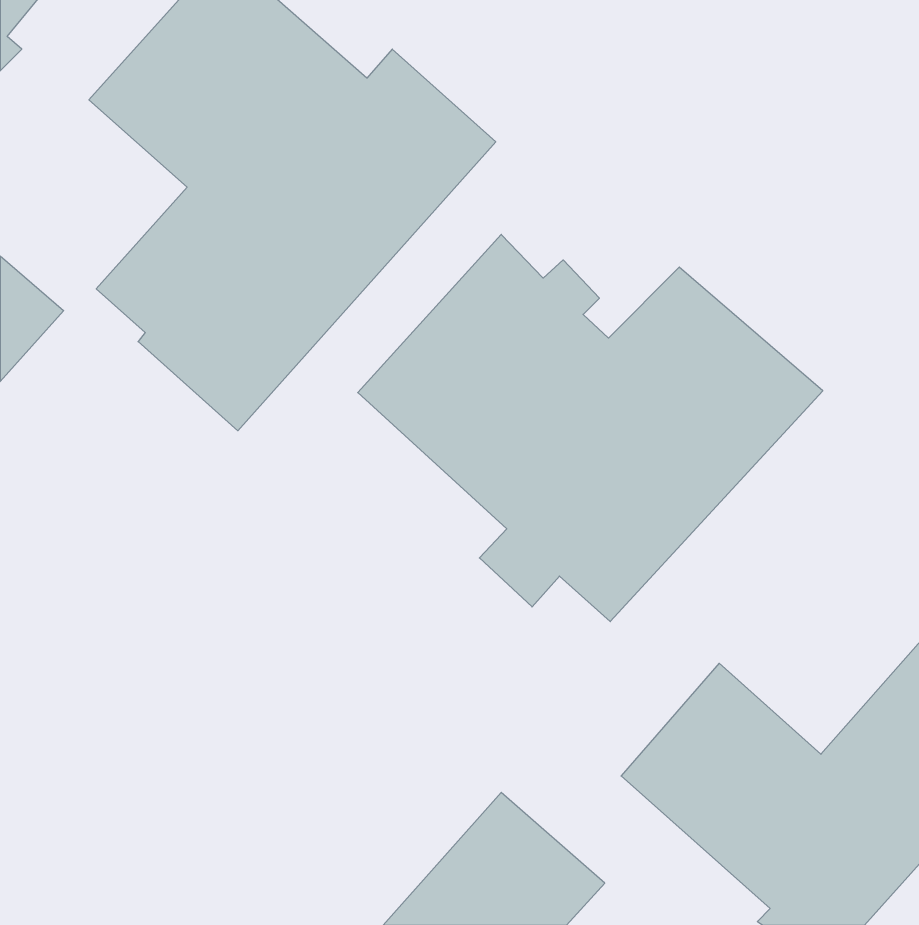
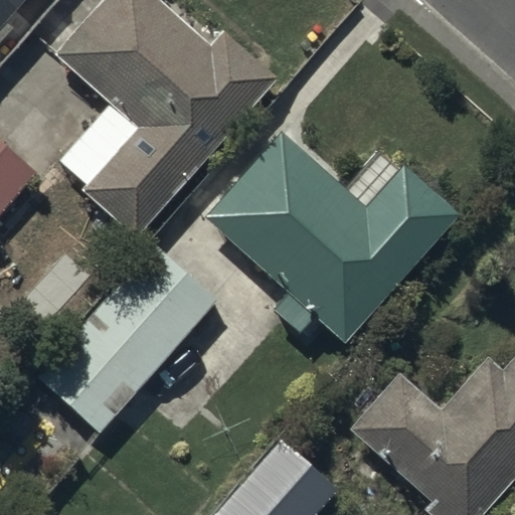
building: none -> [36,244,219,434]

